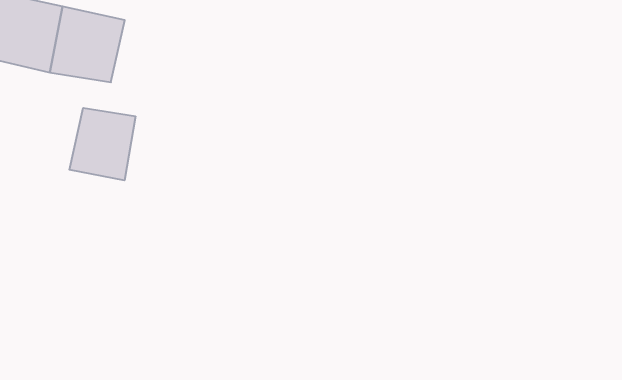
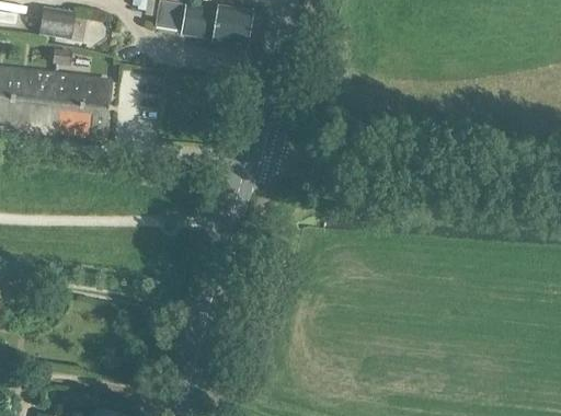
building: [69,108,135,180] -> none

